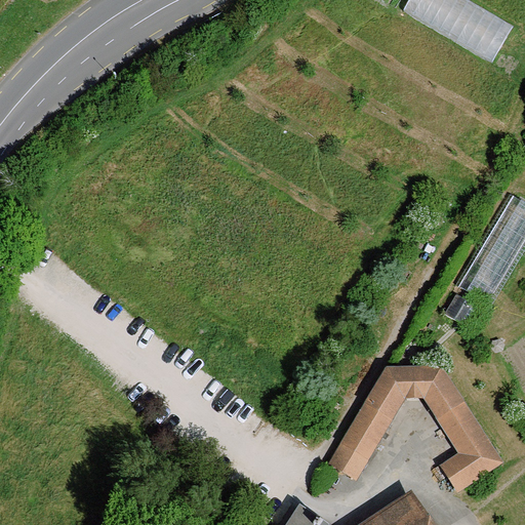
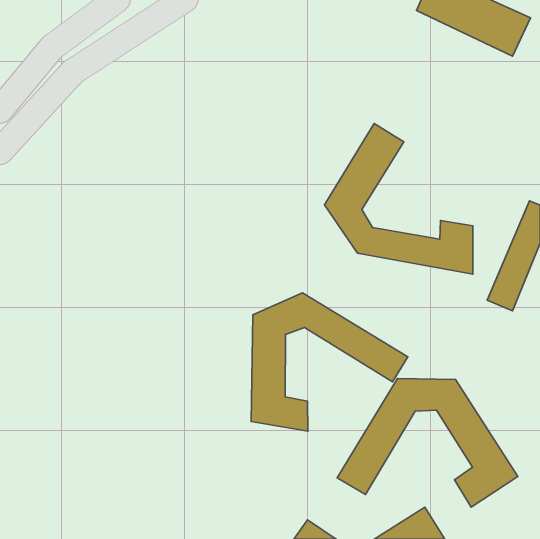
building: none -> [325,123,473,274]
building: none -> [251,293,408,431]

